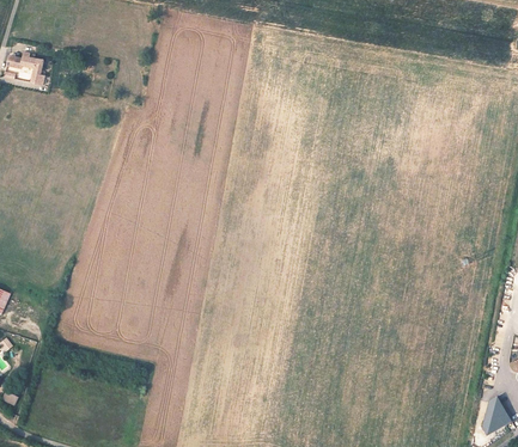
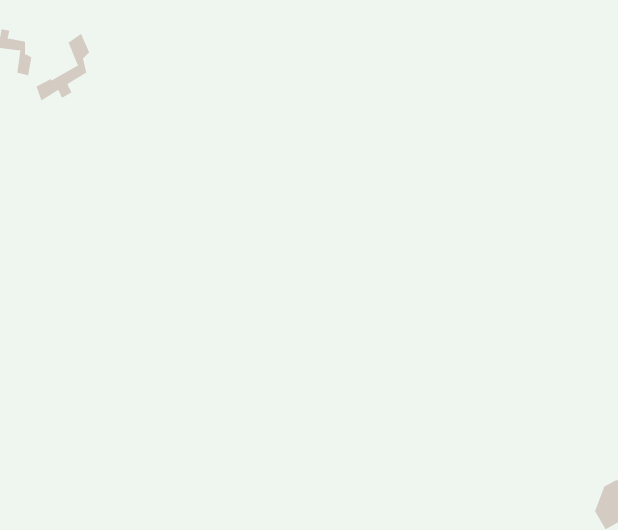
building: none -> [36,33,90,102]

